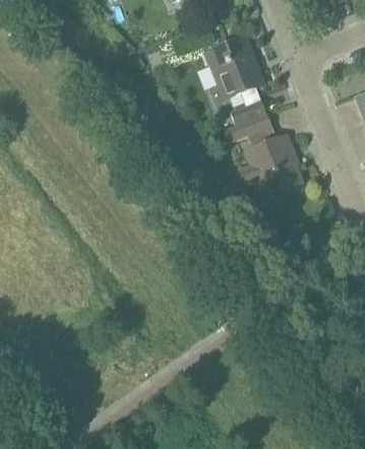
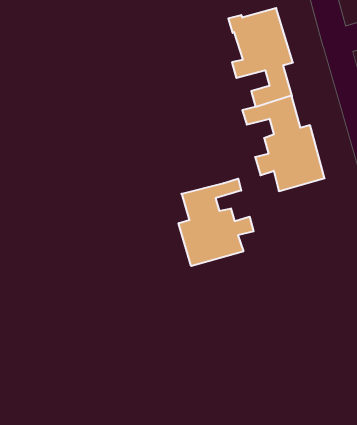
building: none -> [179,179,254,266]

